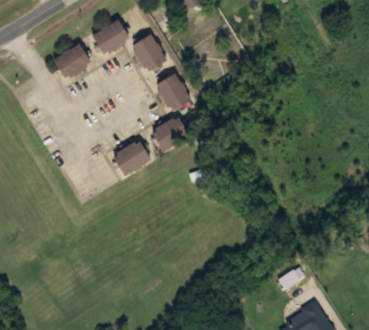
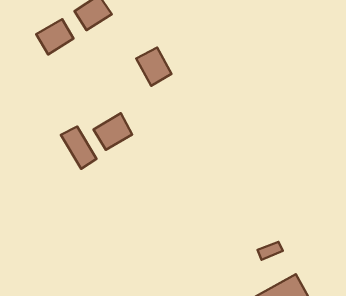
building: [131,34,167,71] -> none
building: [150,115,189,152] -> none
building: none -> [61,127,96,169]

